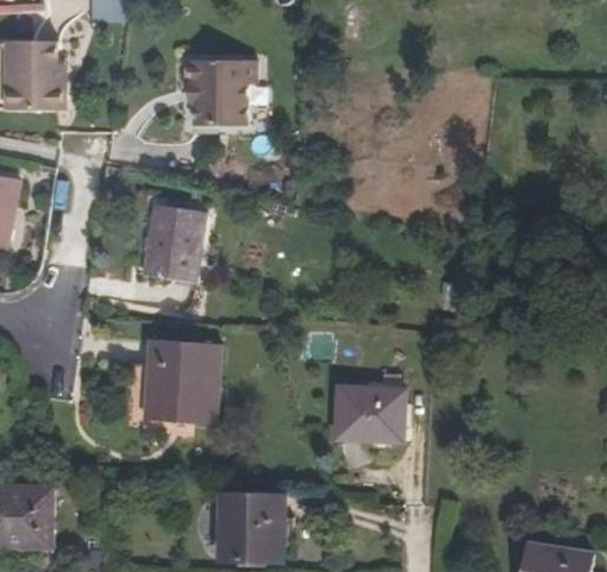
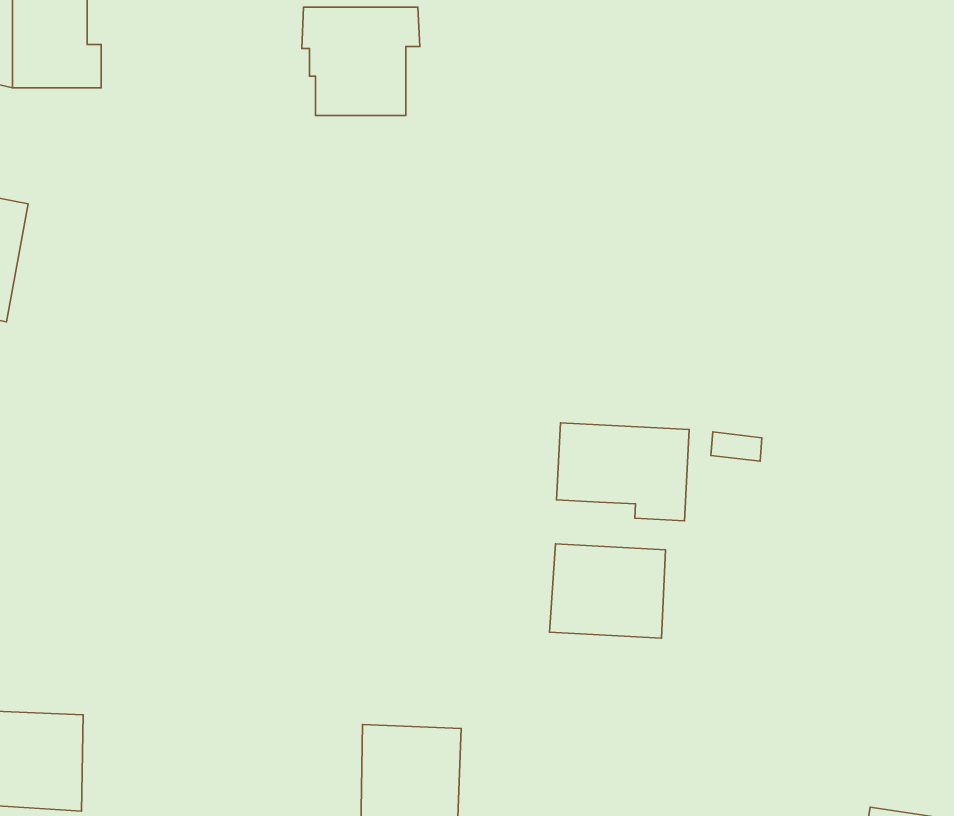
building: [143,203,205,282] -> none
building: none -> [556,423,689,521]
building: [144,338,219,423] -> none

